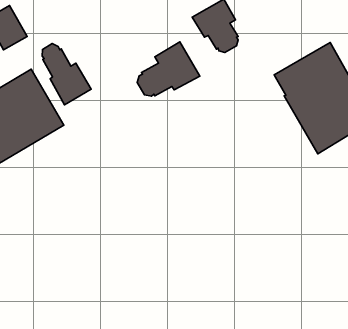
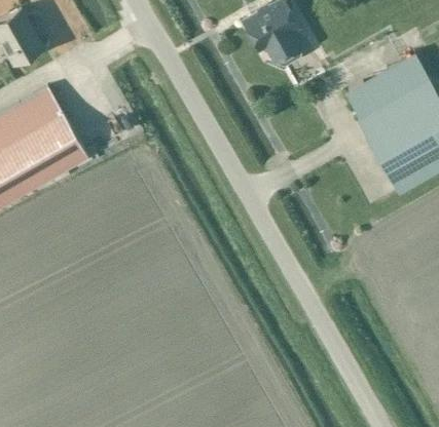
building: [137,42,200,96] -> none
building: [42,44,91,105] -> none

